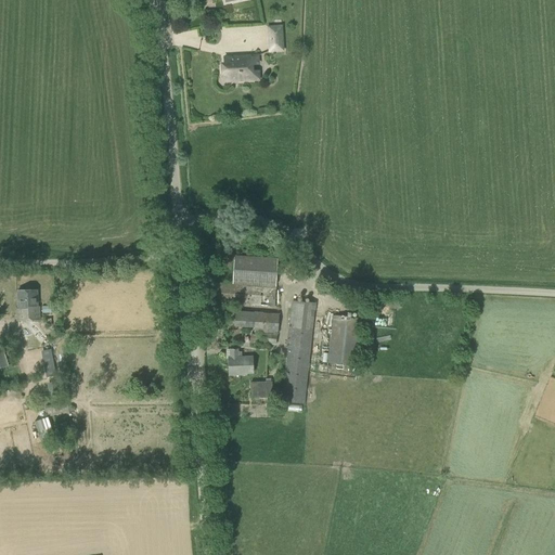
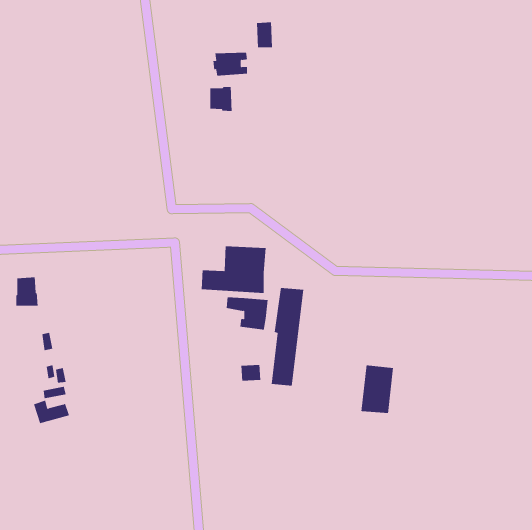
building: none -> [210,86,232,112]
building: [327,313,362,364] -> [361,365,394,414]
building: [228,347,253,373] -> none

